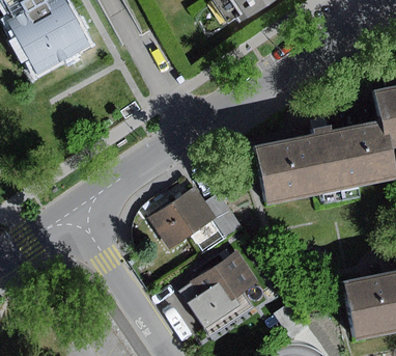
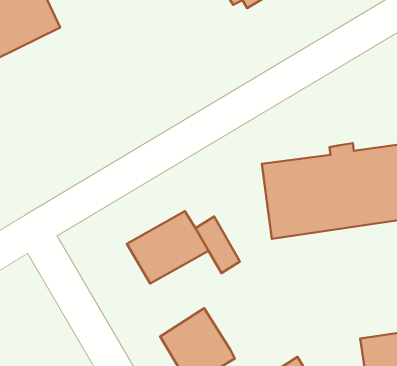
building: [216,250,260,298] -> none

